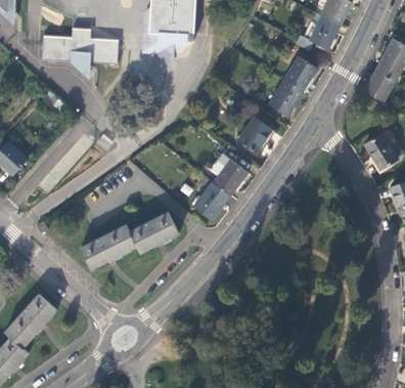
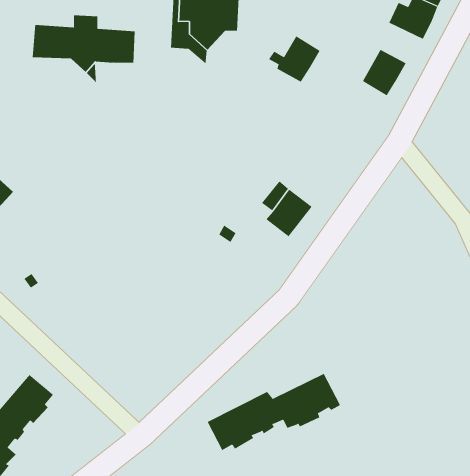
building: [264,78,303,113] -> [268,36,321,83]
building: [238,116,272,150] -> none
building: [192,179,230,218] -> none
building: [79,212,178,269] -> [207,373,341,451]

